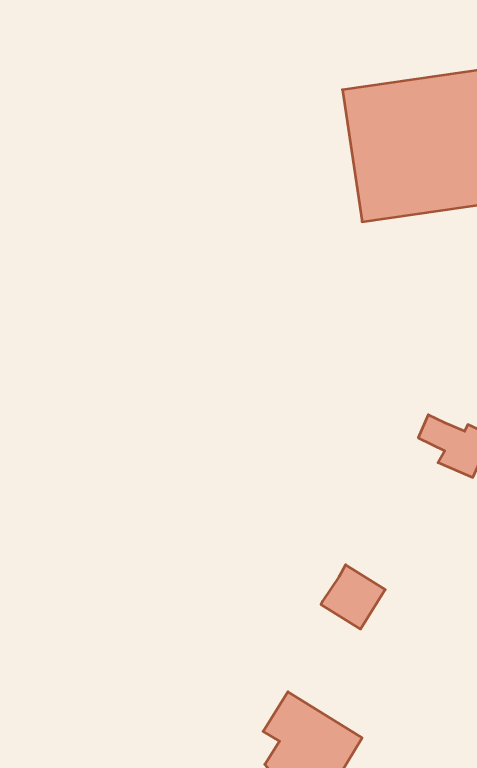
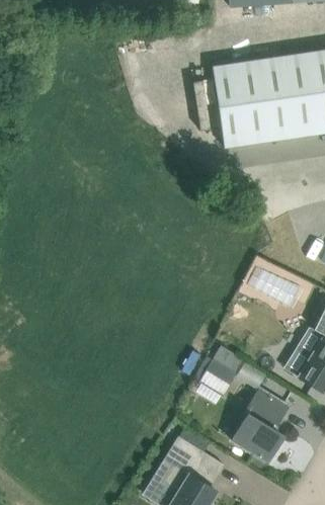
building: none -> [233,390,289,462]

